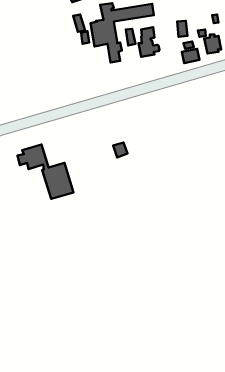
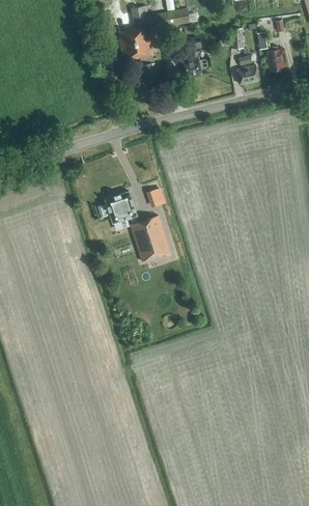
building: [17,144,73,199] -> [97,191,170,261]

